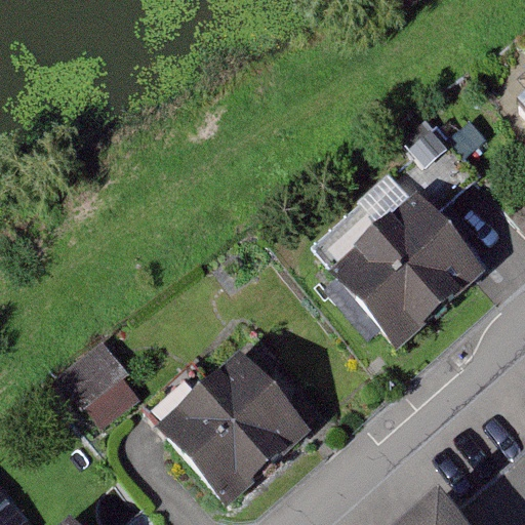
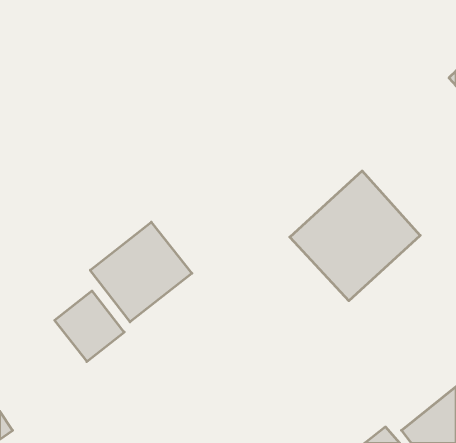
building: none -> [90,222,192,322]
building: [159,356,307,500] -> none

